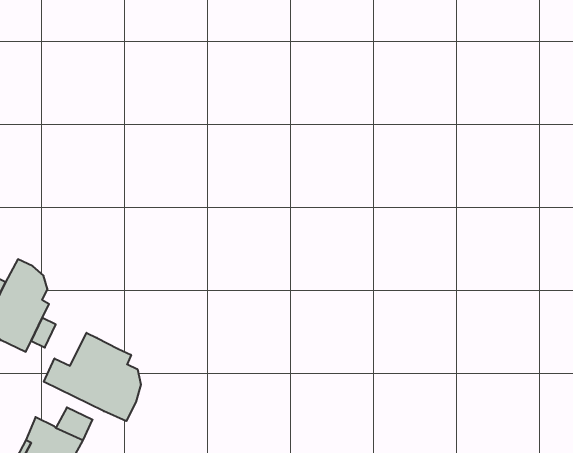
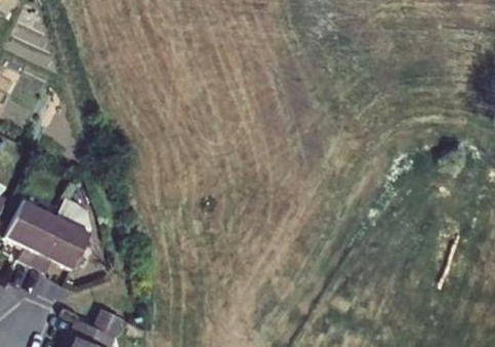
building: [44,333,141,421] -> none

